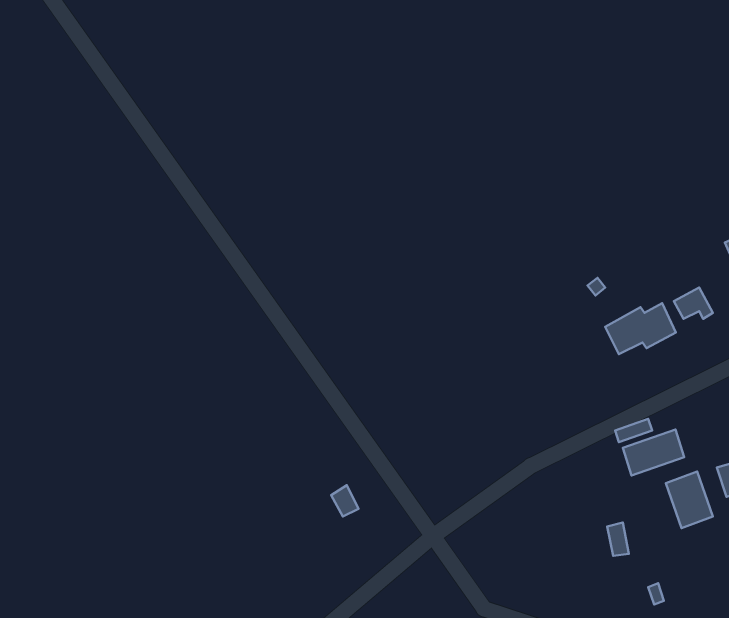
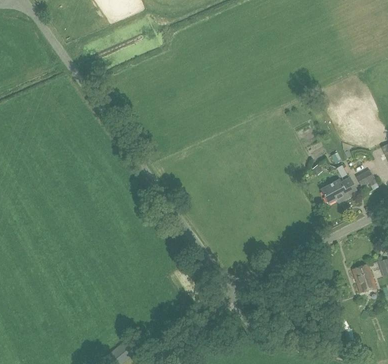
building: [623,429,684,476] -> none

